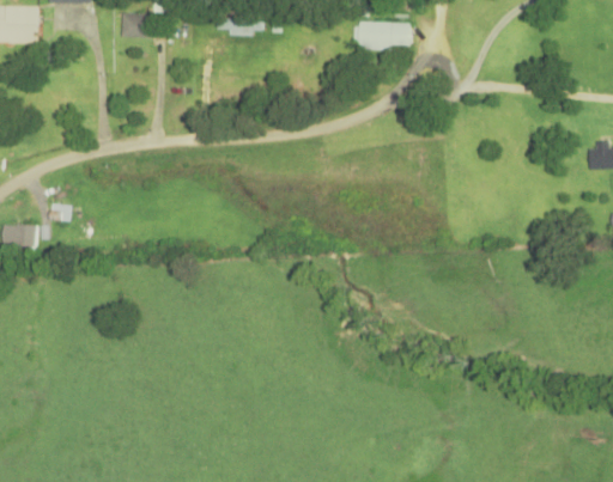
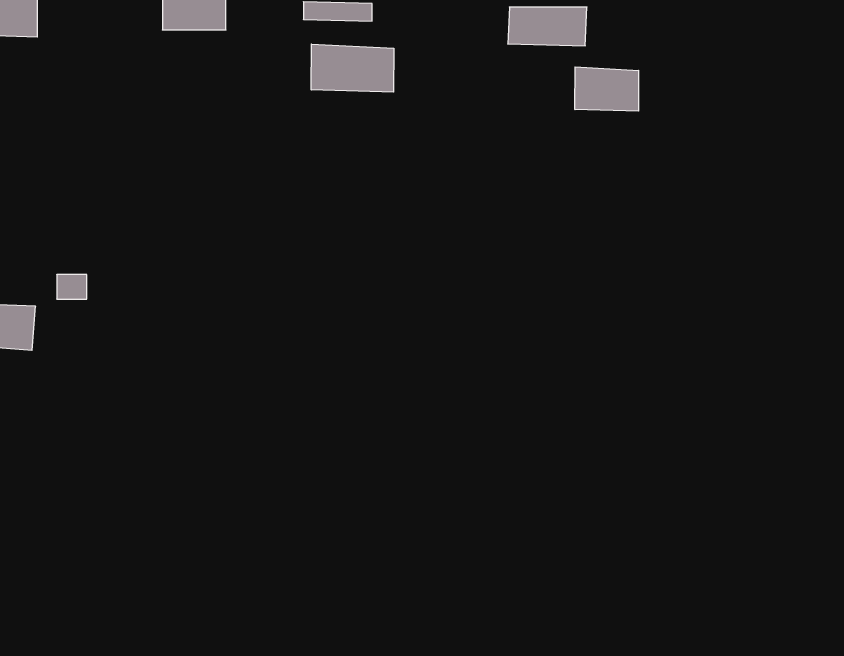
building: none -> [311,44,394,92]
building: none -> [575,67,639,111]

